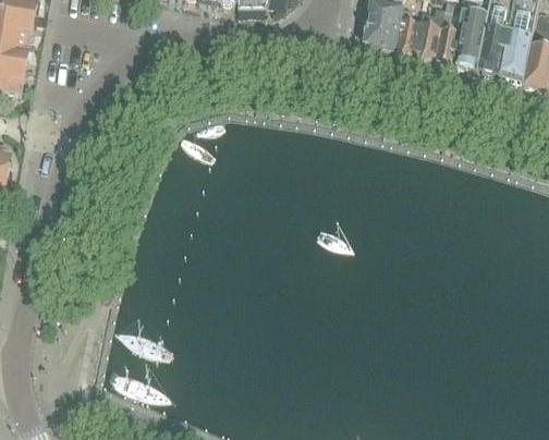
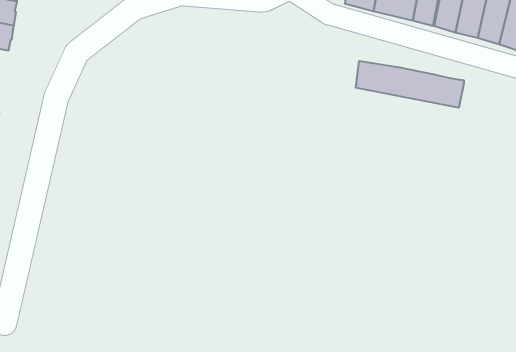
building: none -> [356,61,464,108]

